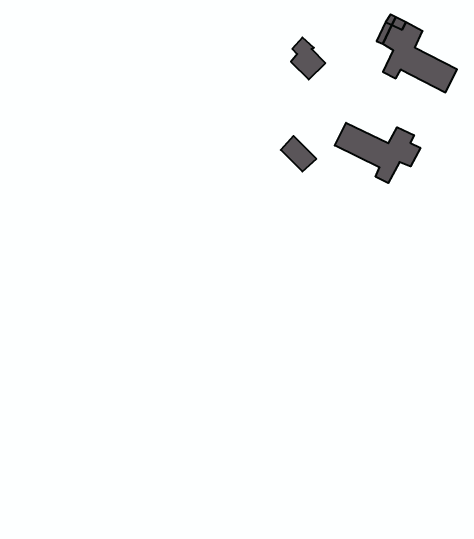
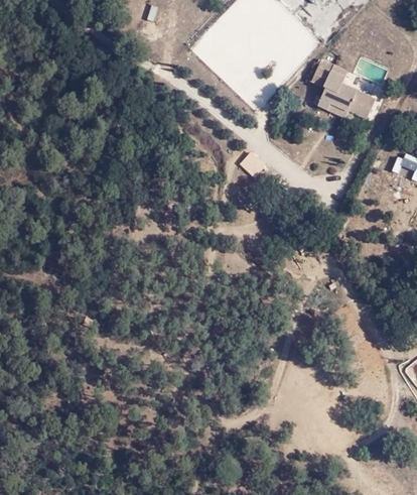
building: [335,123,420,183] -> none

